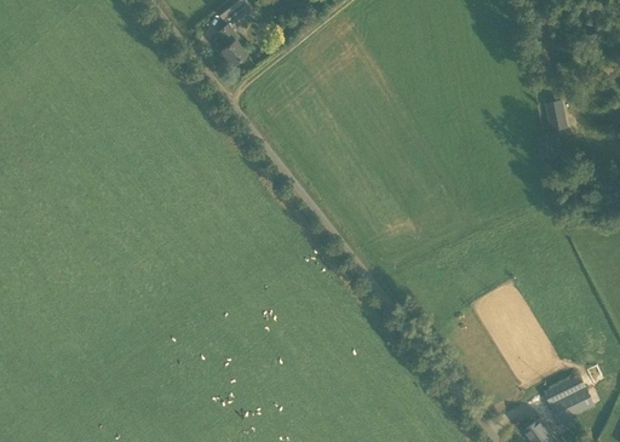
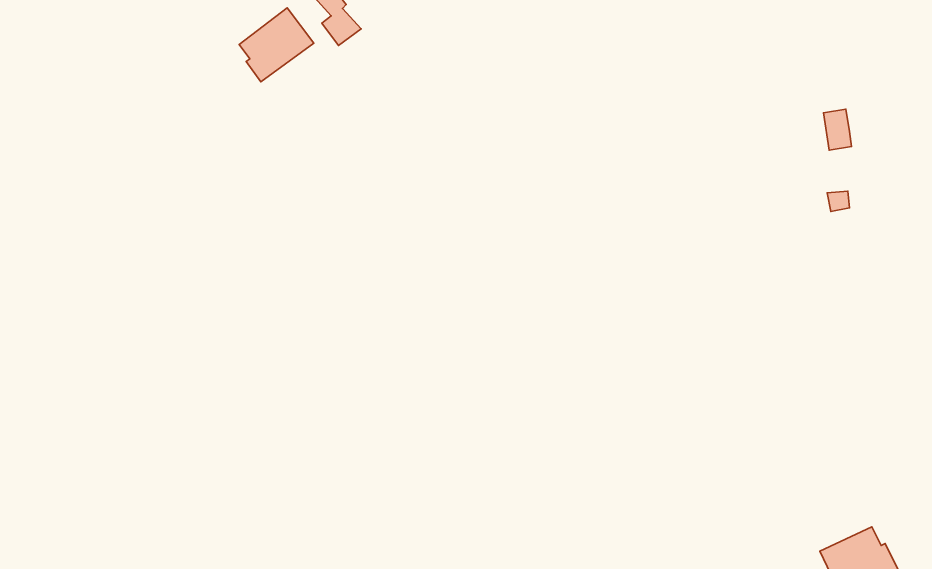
building: none -> [239,8,314,82]

